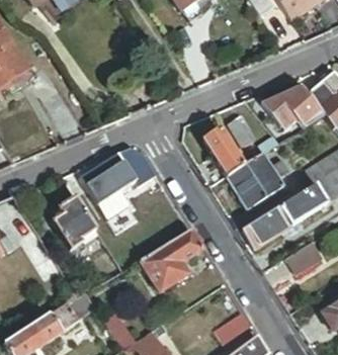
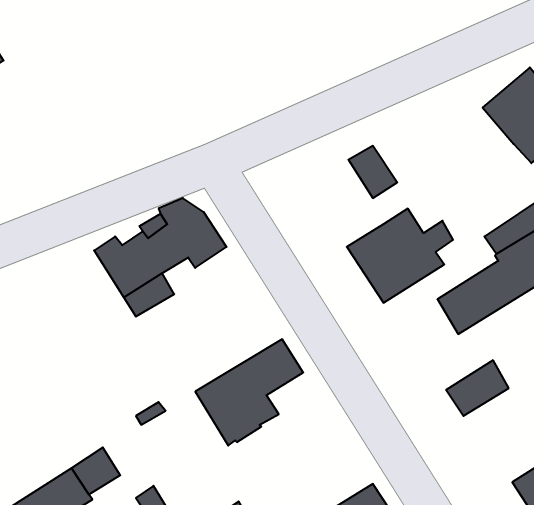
building: [262,87,324,127] -> none
building: [204,128,248,175] -> none
building: [53,197,96,250] -> none
building: [242,205,291,248] -> none

